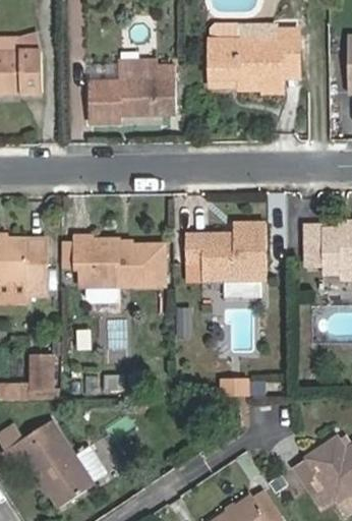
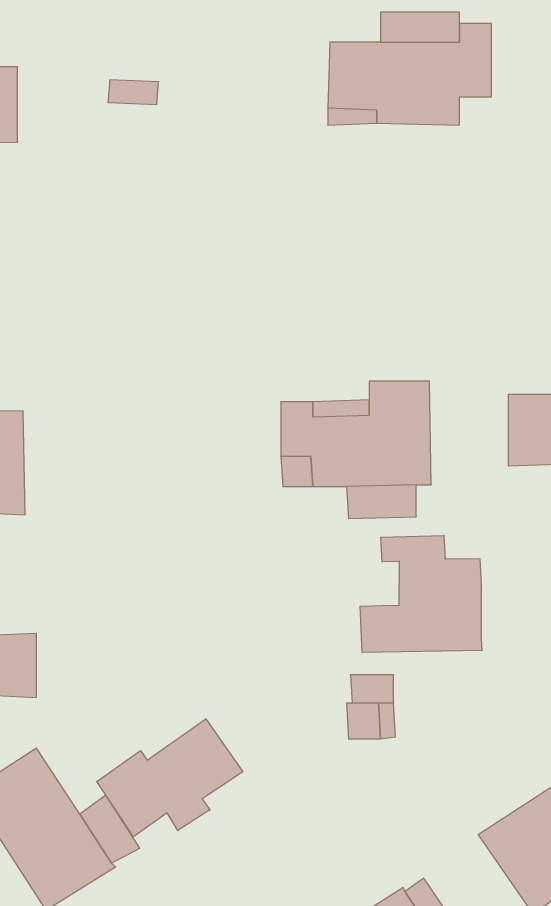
building: [89,65,176,122] -> none
building: [75,238,165,286] -> none
building: none -> [360,535,482,653]
building: none -> [97,719,243,837]

